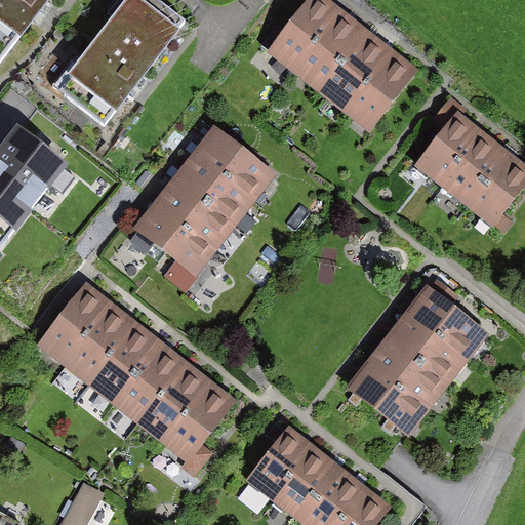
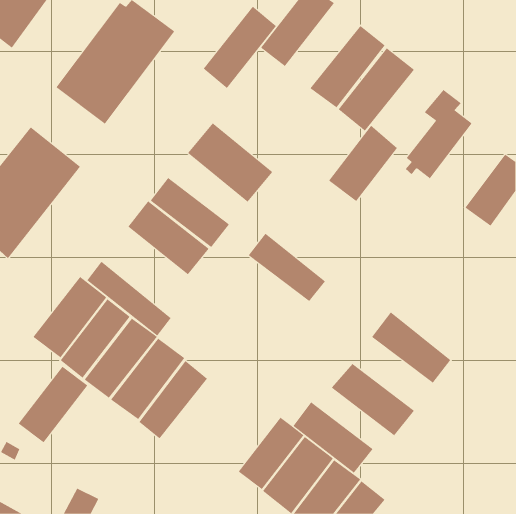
building: [289,4,364,88] -> [203,6,277,89]
building: [438,126,509,204] -> [328,125,398,202]
building: [171,156,250,226] -> [248,233,326,302]
building: none -> [87,261,171,336]
building: [395,279,480,363] -> none
building: [358,342,440,415] -> [293,402,374,473]
building: none -> [18,366,88,443]
building: [160,393,233,490] -> none

